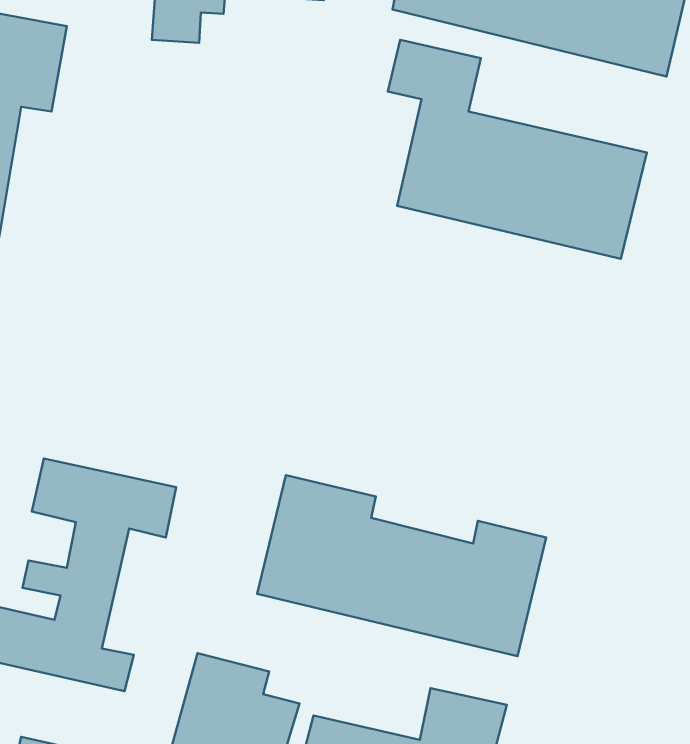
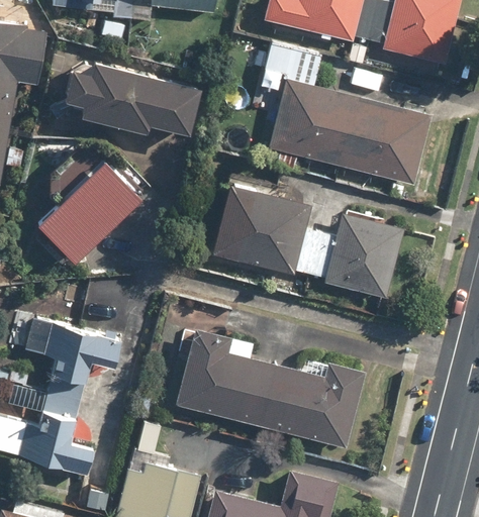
building: none -> [62,62,199,133]
building: none -> [33,147,139,264]
building: none -> [210,171,404,299]

